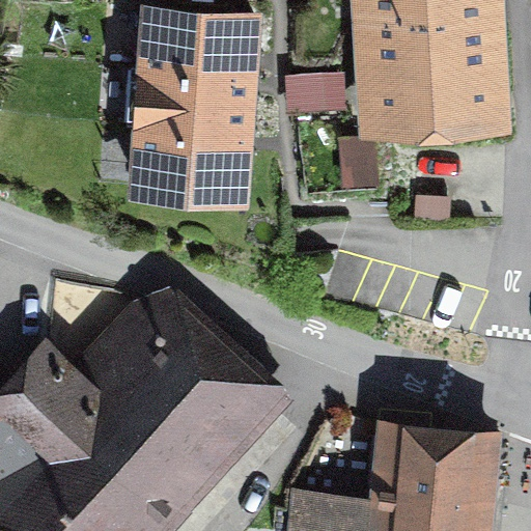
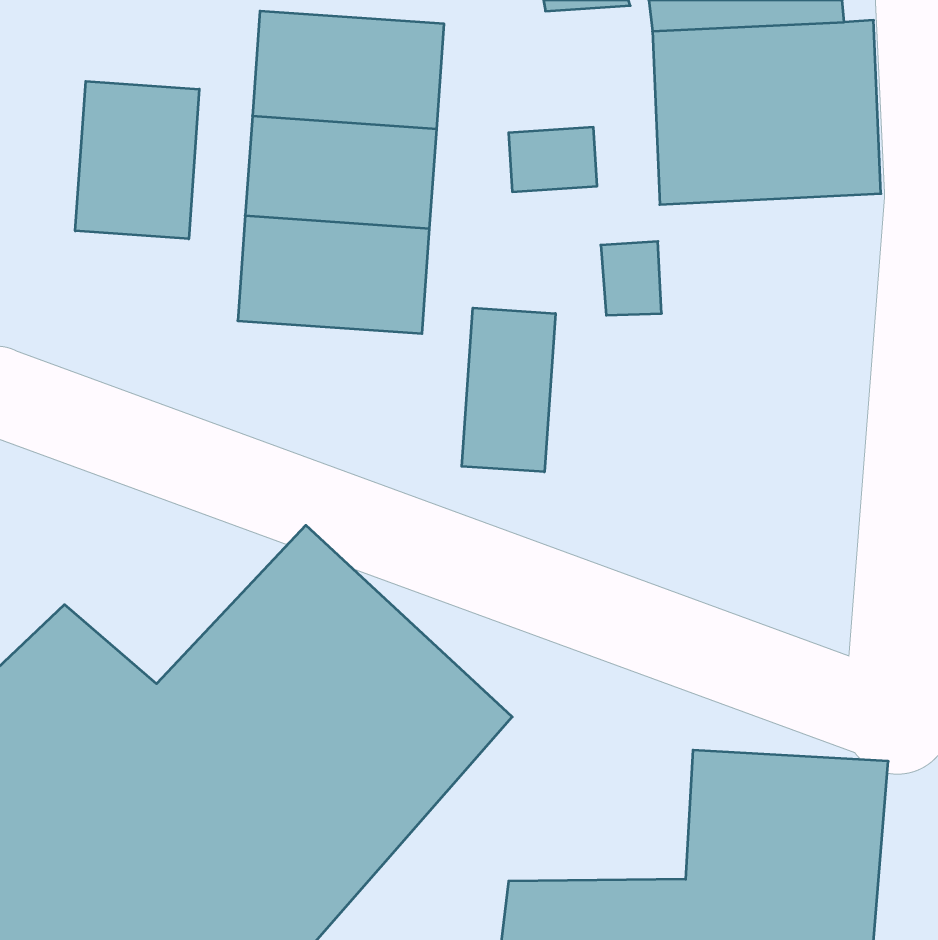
building: none -> [75,81,199,239]
building: none -> [462,308,555,472]

